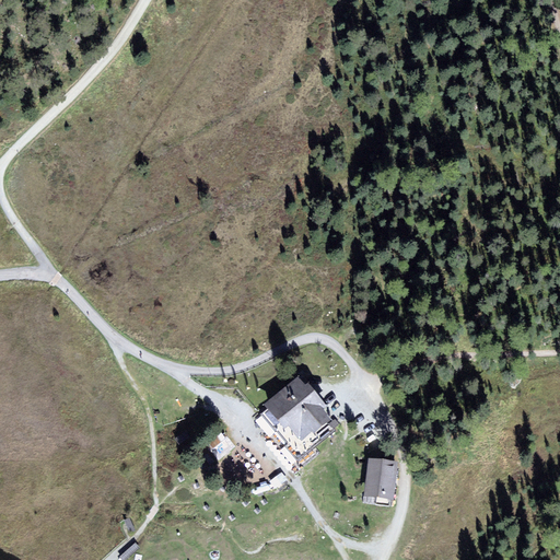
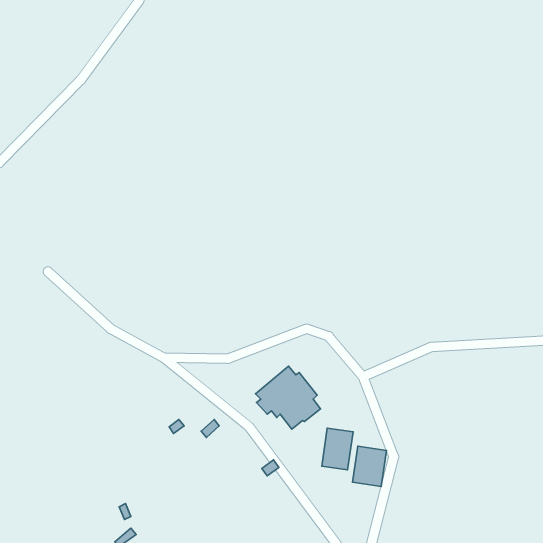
building: none -> [322,428,353,470]

